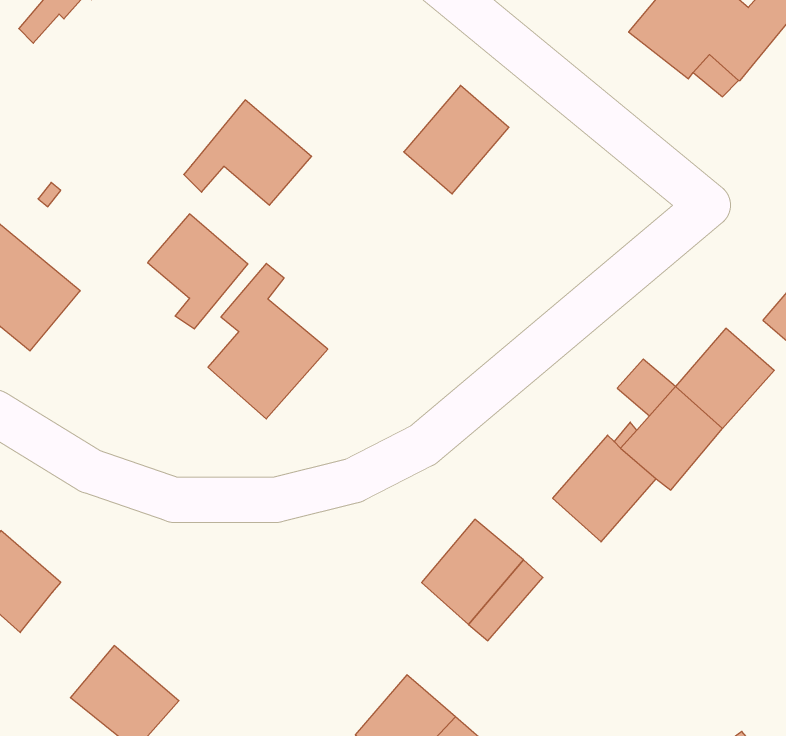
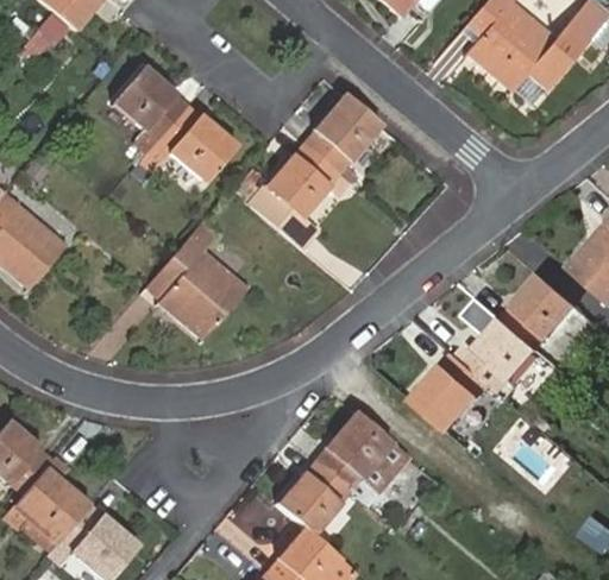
building: none -> [249,143,339,247]
building: [148,214,248,329] -> [113,68,187,152]
building: none -> [278,459,351,534]
building: none -> [13,466,90,543]

